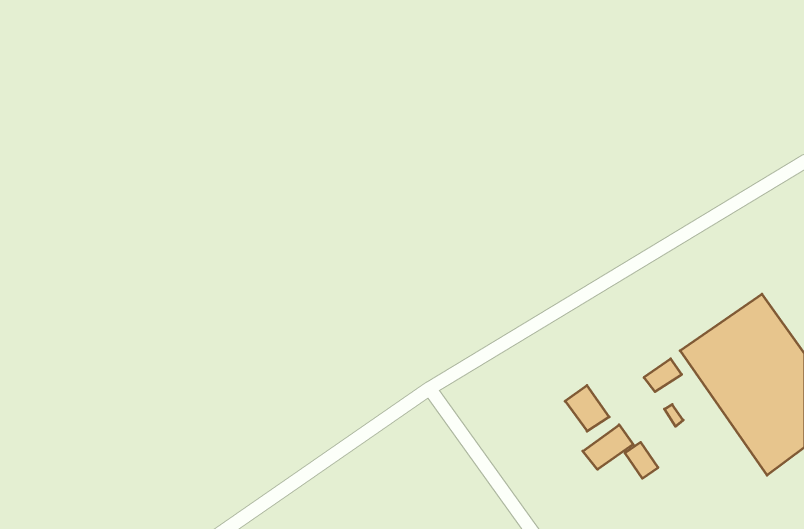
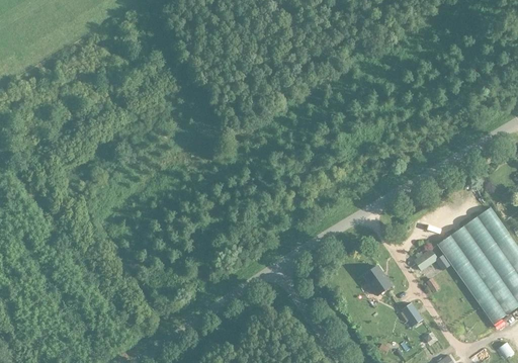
building: [583,425,633,469] -> none

